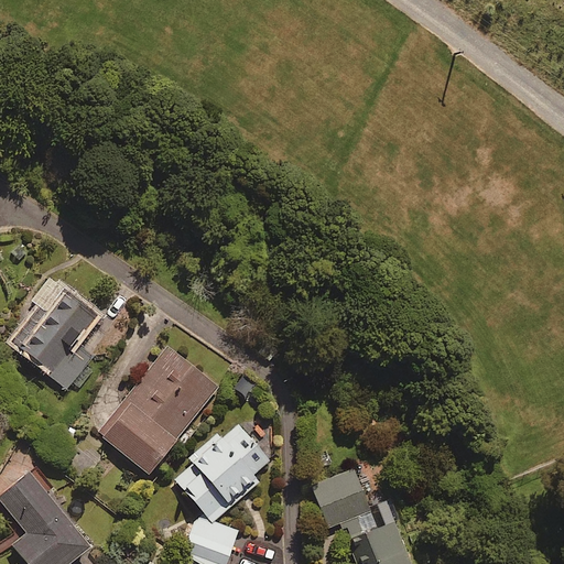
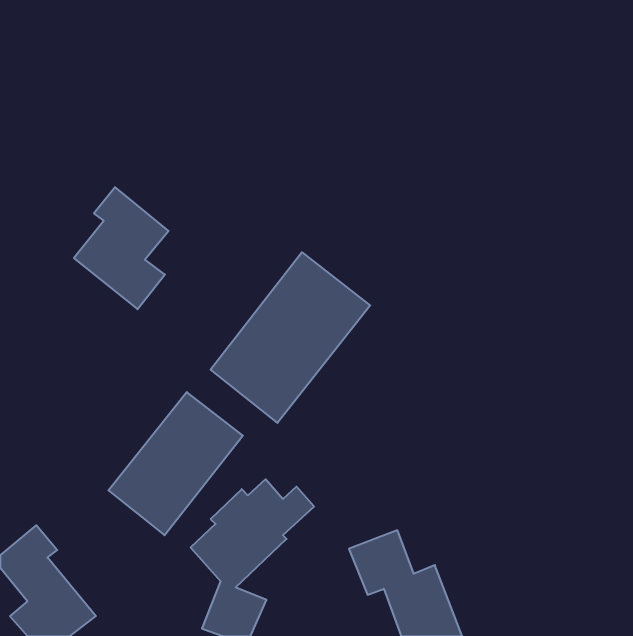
building: none -> [211,252,370,423]
building: [13,278,97,386] -> [74,187,169,309]

